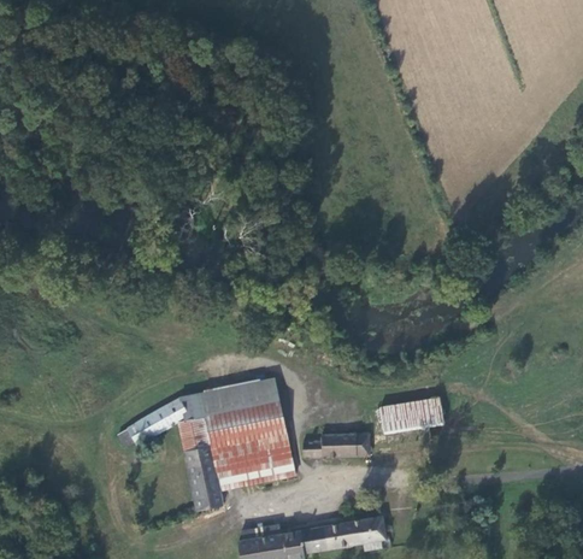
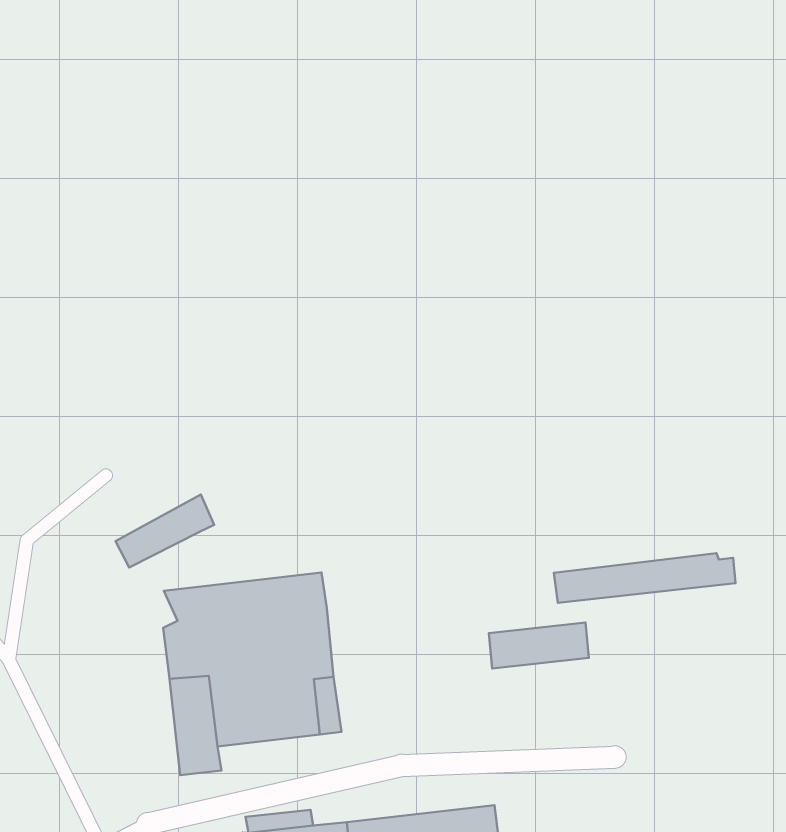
building: none -> [554,553,735,603]
building: [126,396,187,445] -> [116,495,214,568]
building: [302,433,369,457] -> none

